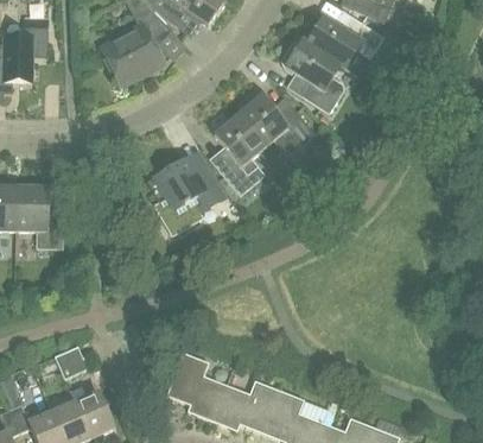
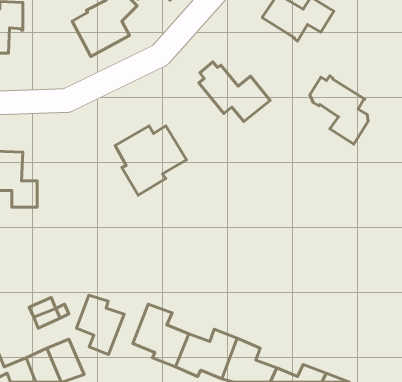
building: [281,40,344,114] -> [310,76,368,144]
building: [214,114,265,195] -> none
building: none -> [77,295,124,354]

